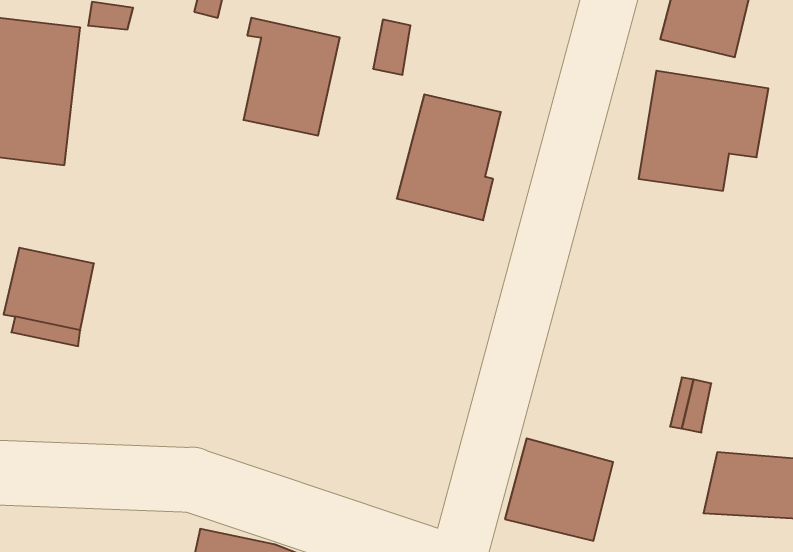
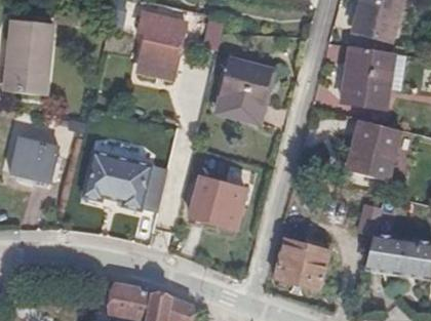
building: none -> [342,117,400,178]
building: none -> [84,148,170,212]
building: none -> [191,175,247,225]

